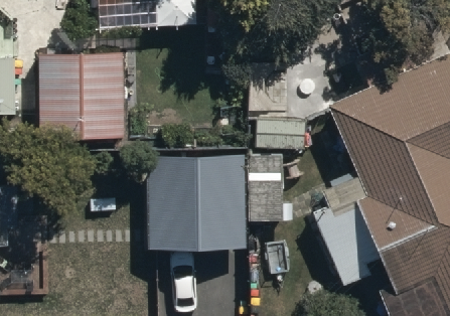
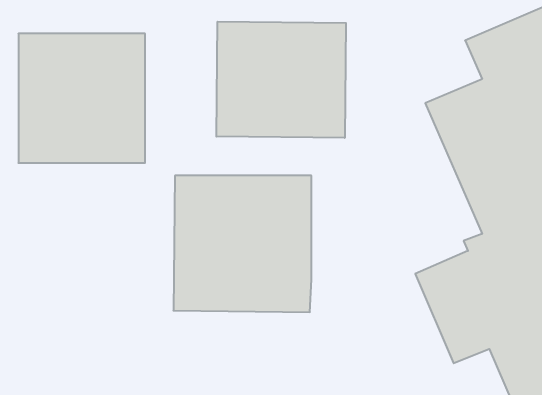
building: none -> [216,22,346,138]

